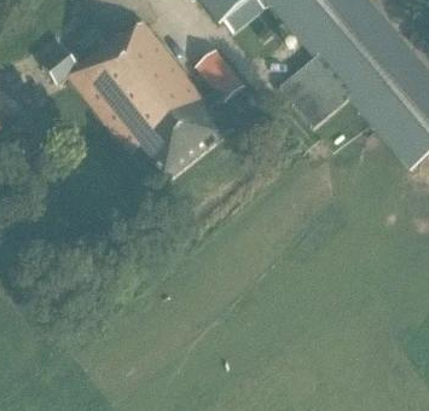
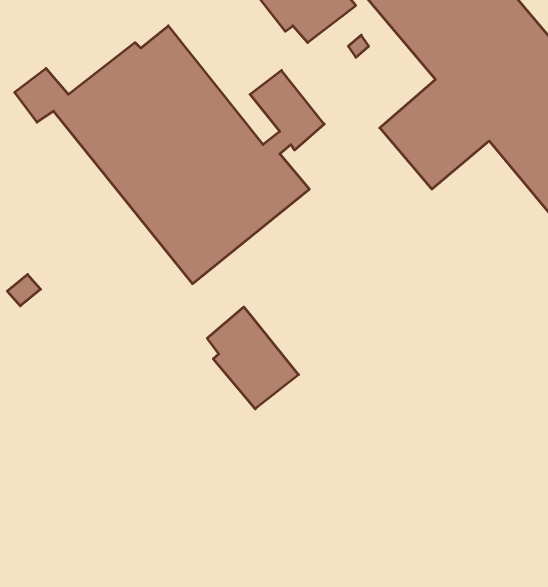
building: none -> [207,307,299,409]

